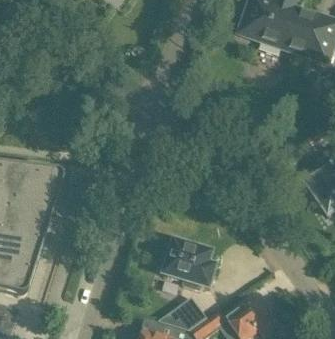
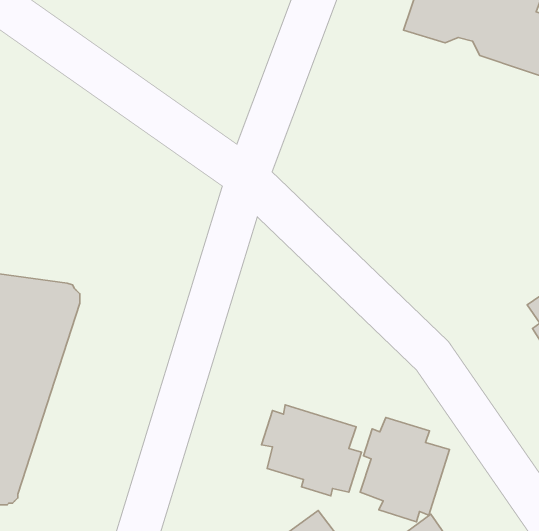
building: none -> [360,417,450,522]

